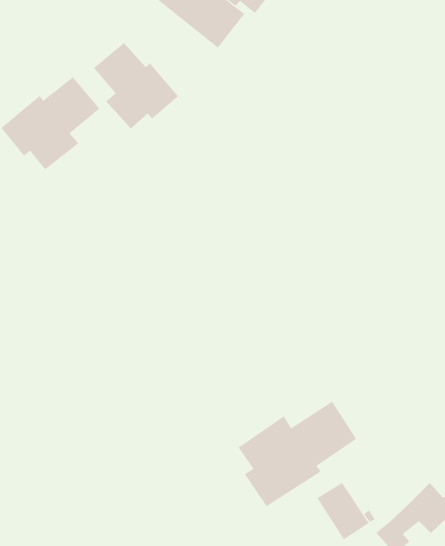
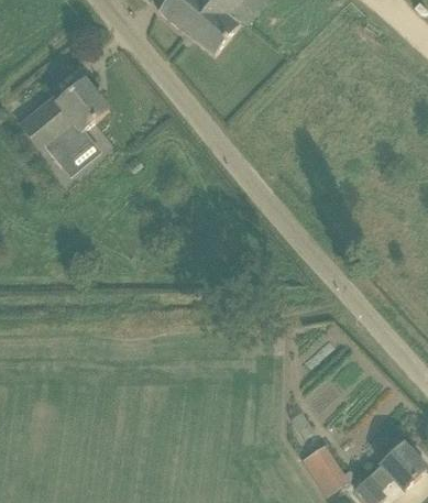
building: [93,42,179,129] -> none
building: [238,401,357,507] -> none

